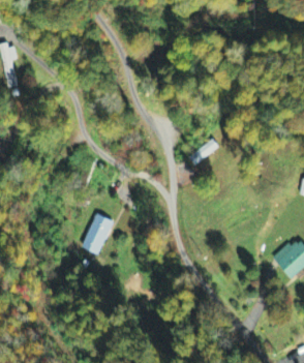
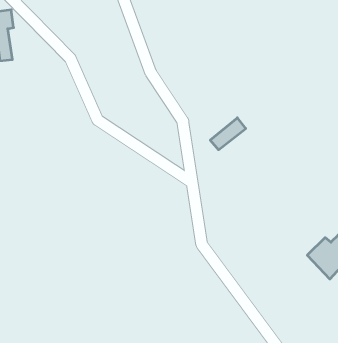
building: [82,213,114,255] -> none

